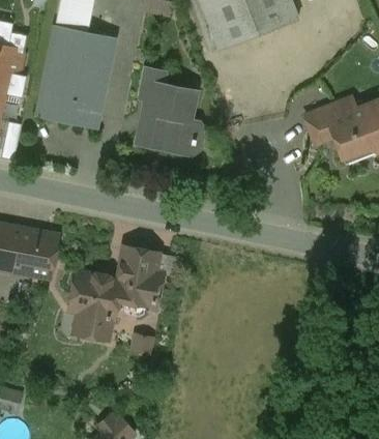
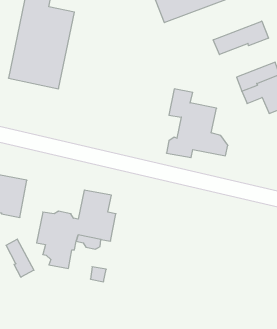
building: none -> [213,21,268,55]
building: [135,67,207,148] -> [166,89,228,158]
building: none -> [6,239,34,277]

